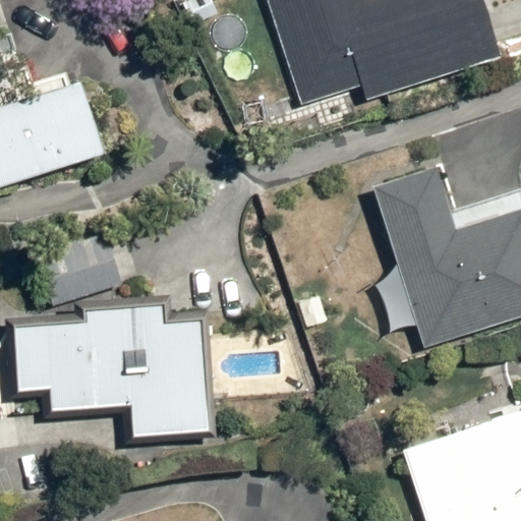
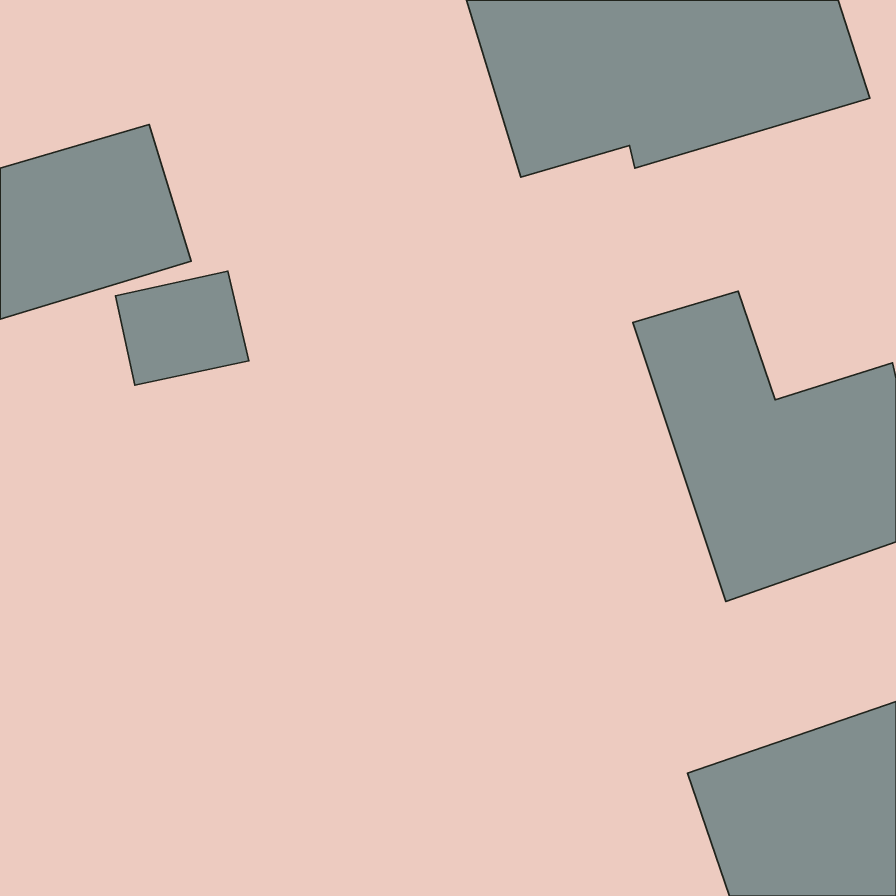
building: [45,235,122,301] -> [116,271,249,385]
building: [15,304,211,439] -> none

